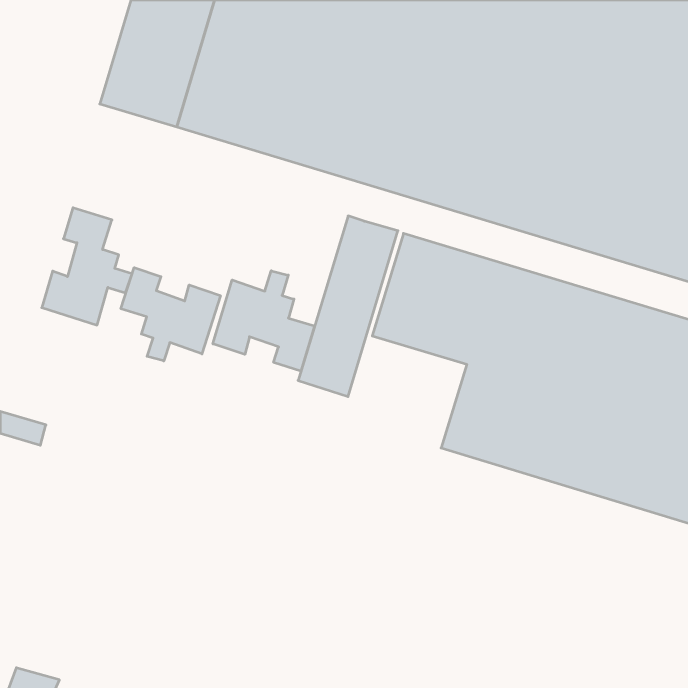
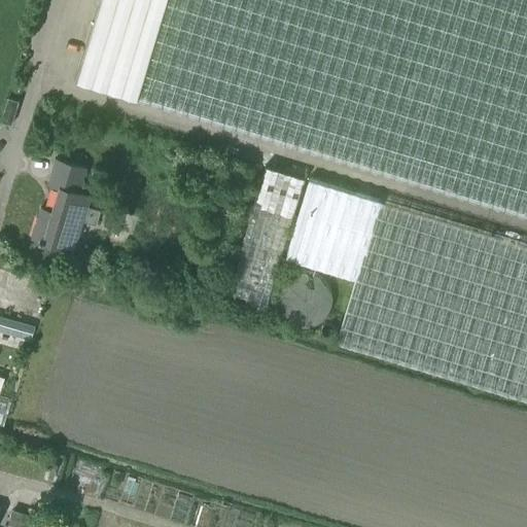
building: [121,268,220,361] -> none
building: [213,271,315,371] -> none

